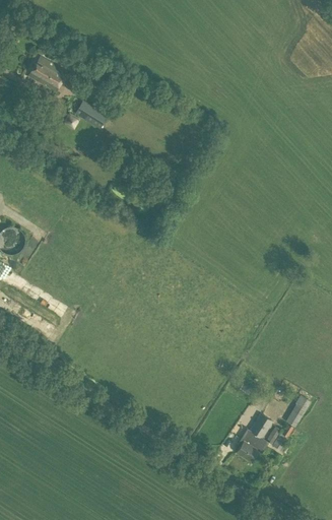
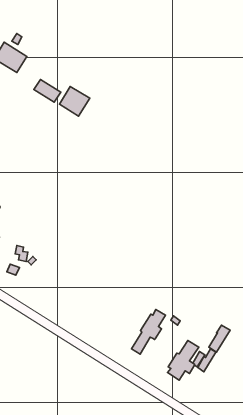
building: none -> [60,86,90,116]
building: none -> [132,309,165,354]

